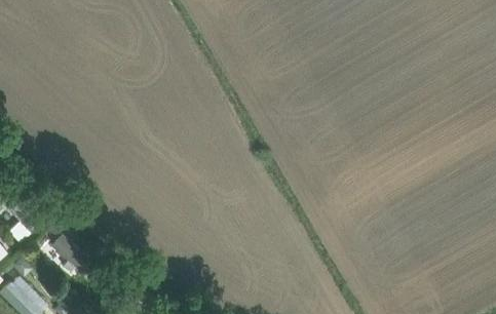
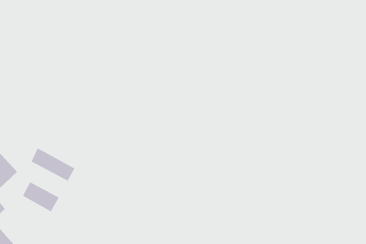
building: none -> [31,148,75,182]

